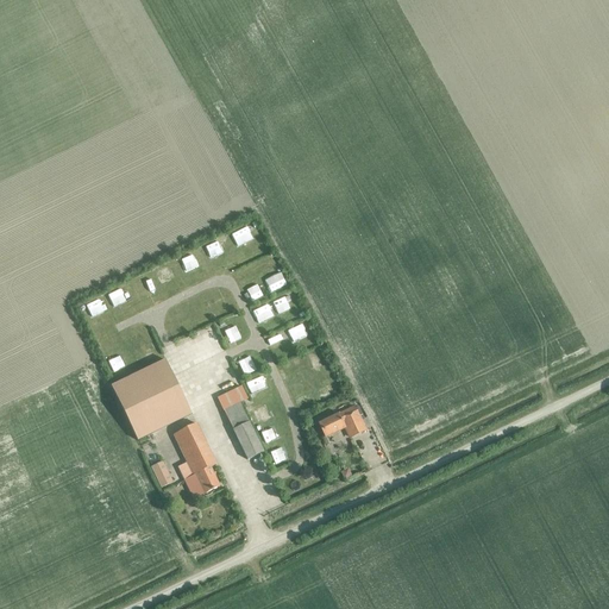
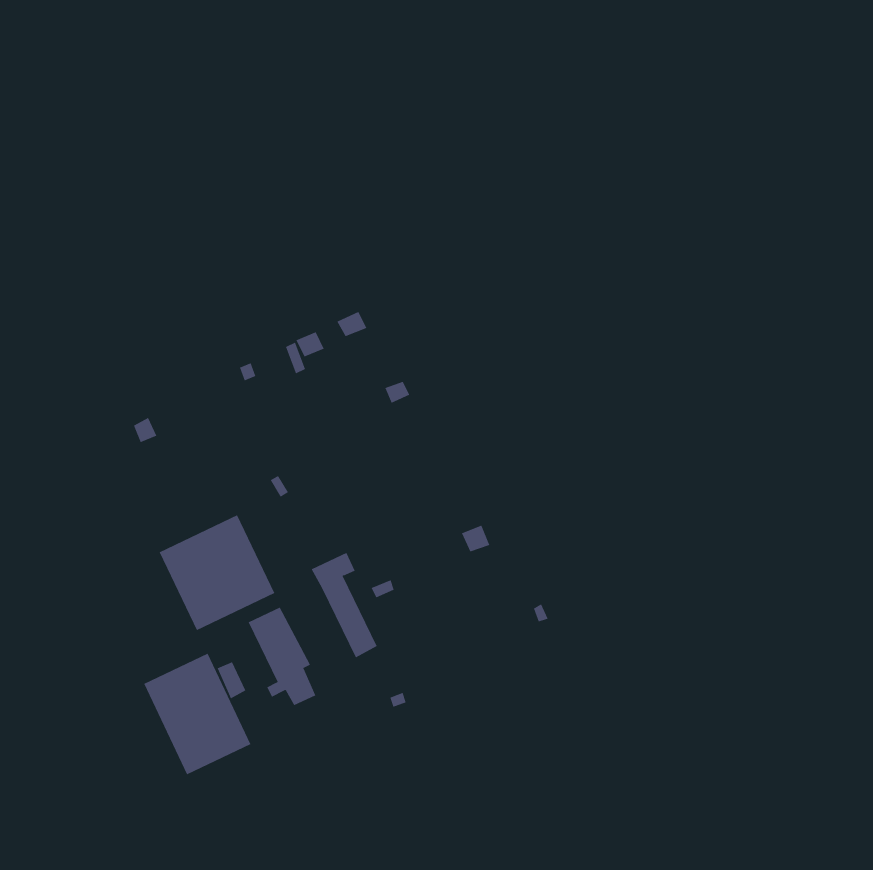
building: [319,406,364,437] -> none
building: none -> [143,653,251,775]

